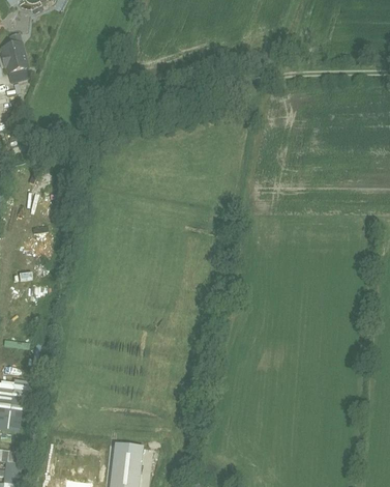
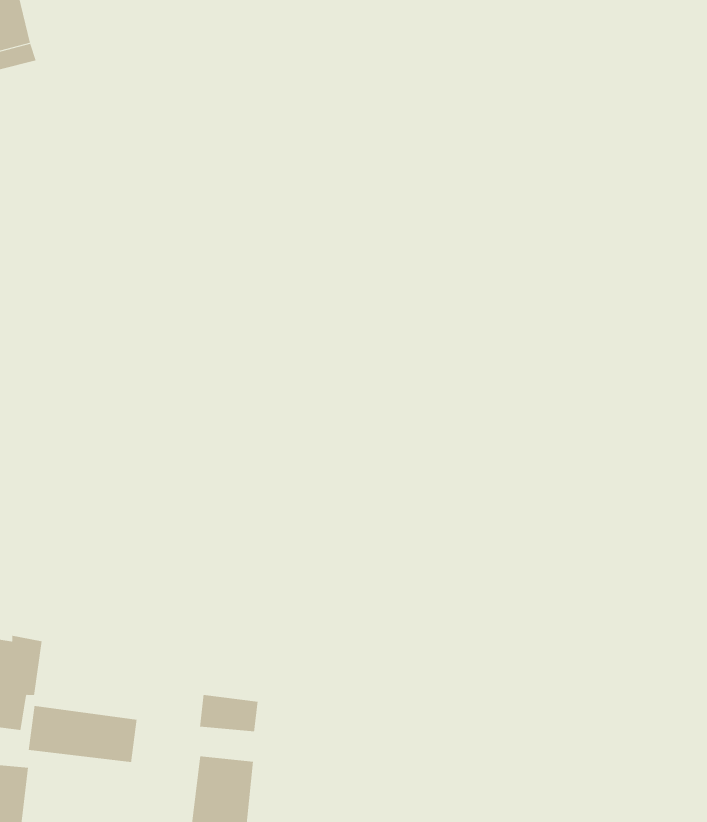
building: none -> [200,694,258,732]
building: none -> [28,705,137,763]

